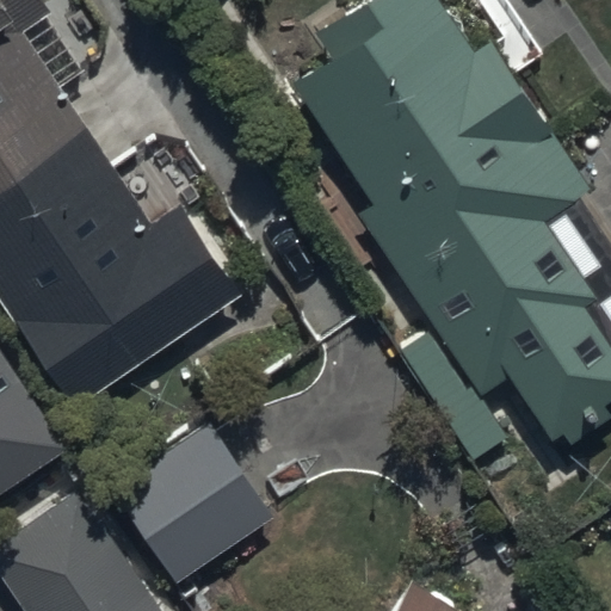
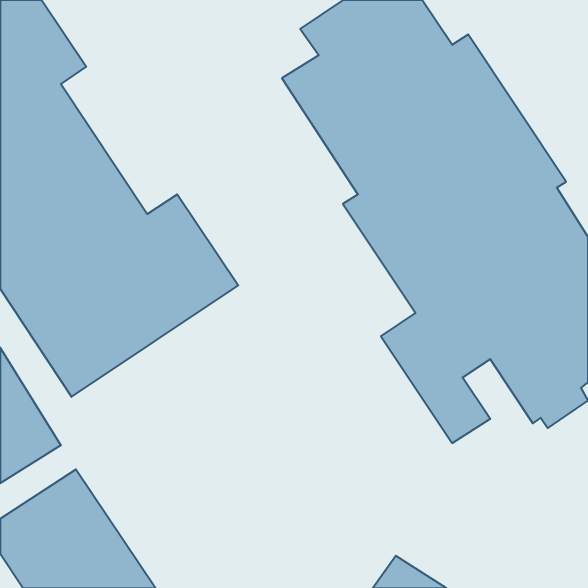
building: [111,421,272,582] -> none

